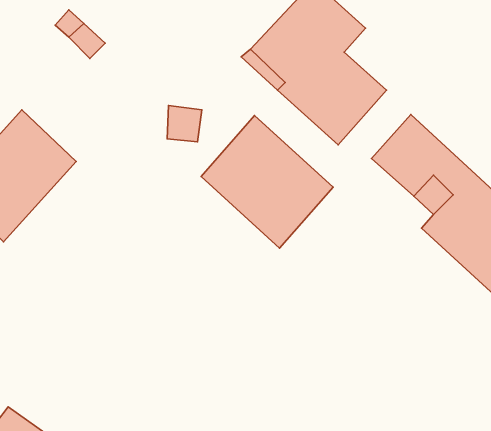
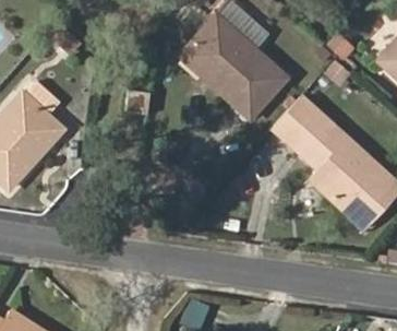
building: [201,116,333,248] -> none

